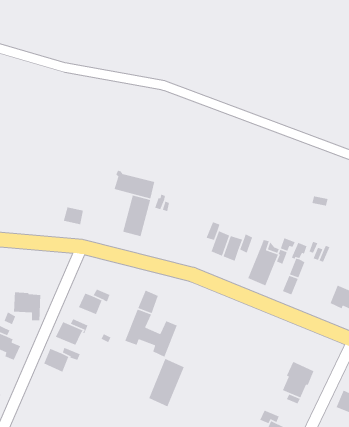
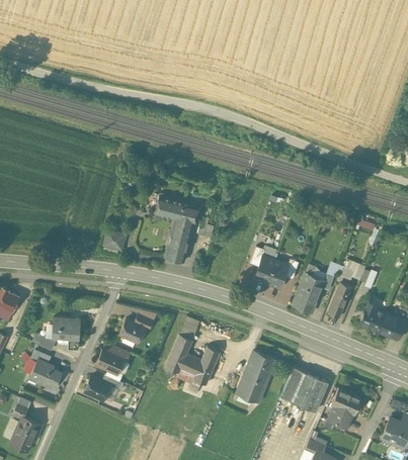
building: none -> [358,301,384,331]
building: none -> [278,367,327,411]
building: [148,358,185,407] -> [238,353,275,403]

